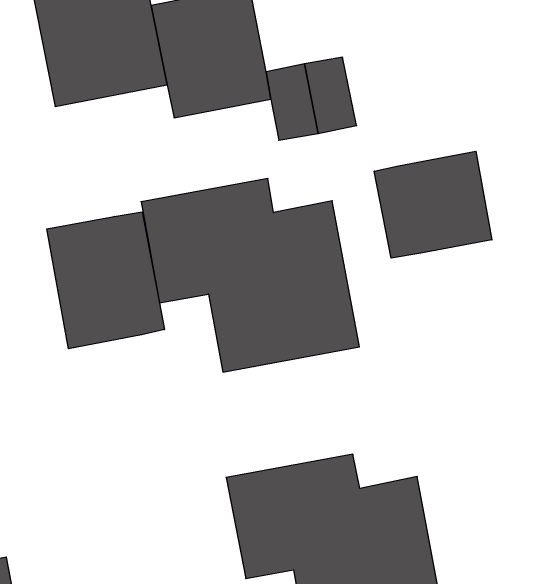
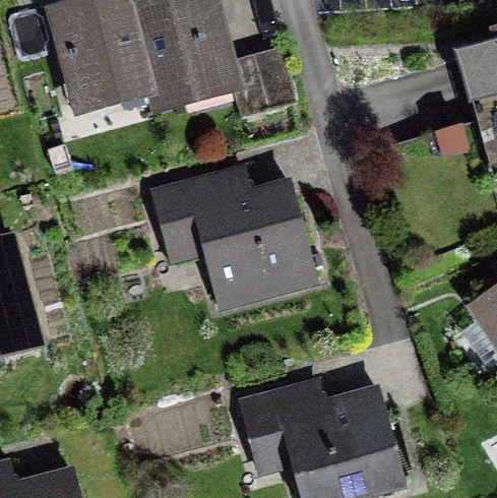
building: [374,151,492,258] -> none
building: [47,212,164,349] -> none

